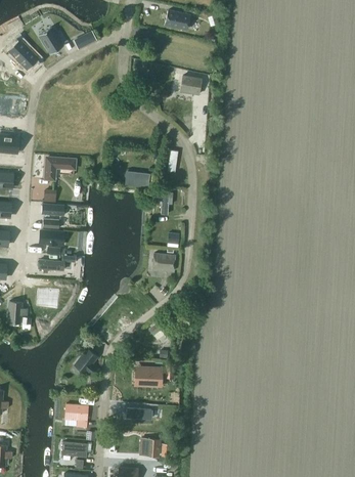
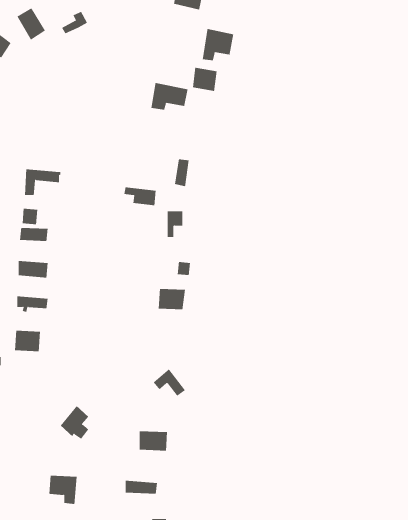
building: none -> [202,28,234,61]
building: none -> [151,82,188,111]

